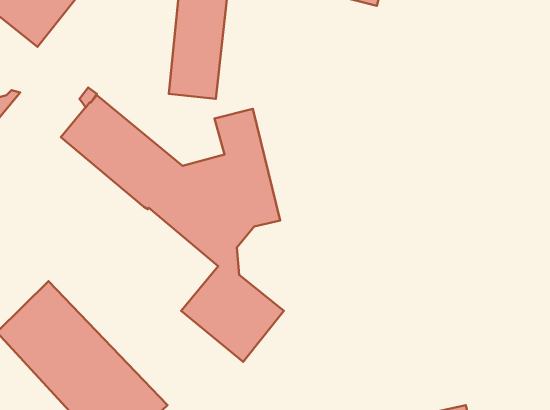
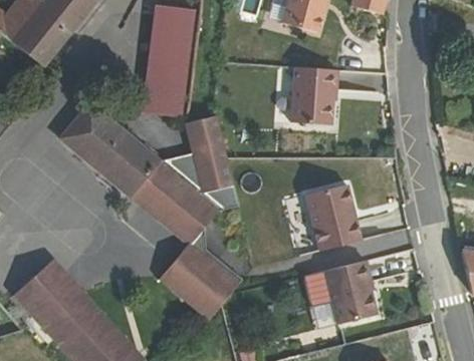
building: none -> [287,64,337,122]
building: none -> [305,186,361,252]
building: none -> [321,258,379,322]

